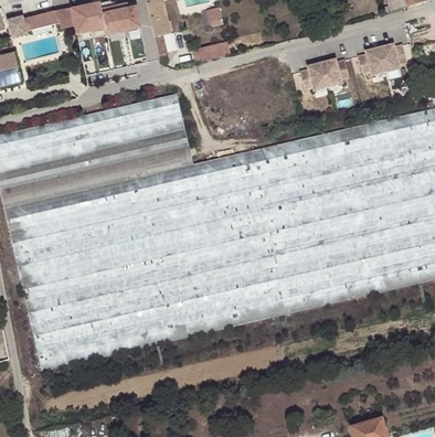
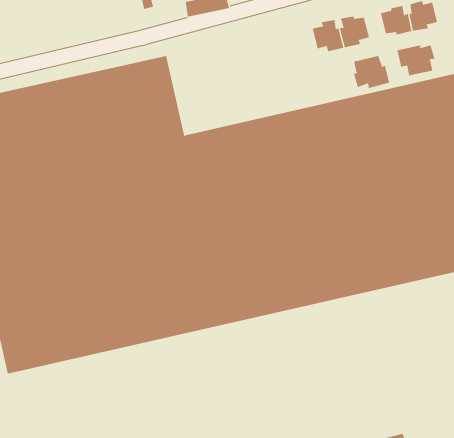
building: none -> [397,44,435,76]
building: none -> [354,55,390,89]

